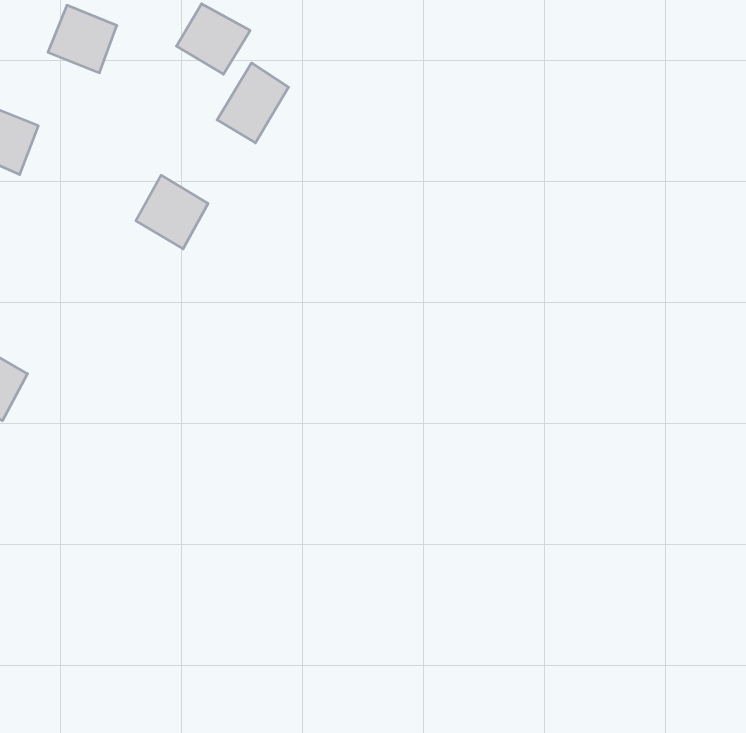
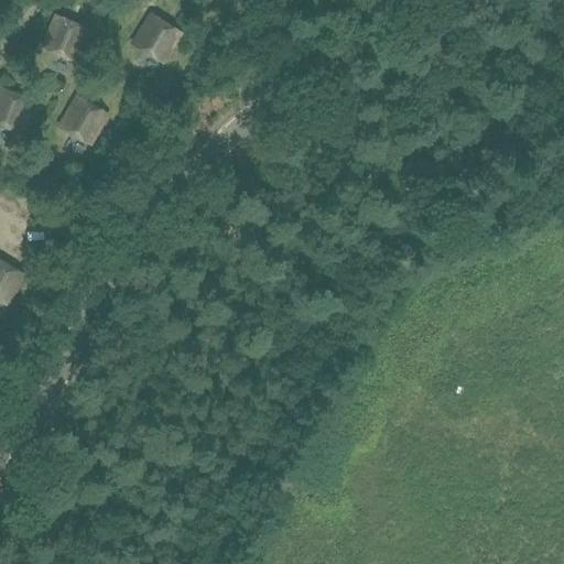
building: [217,63,289,143] -> none
building: [136,175,208,249] -> [57,94,108,145]

